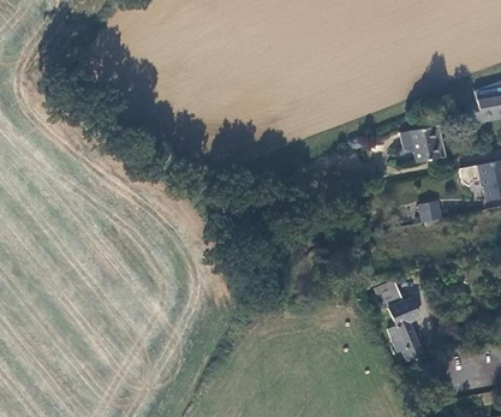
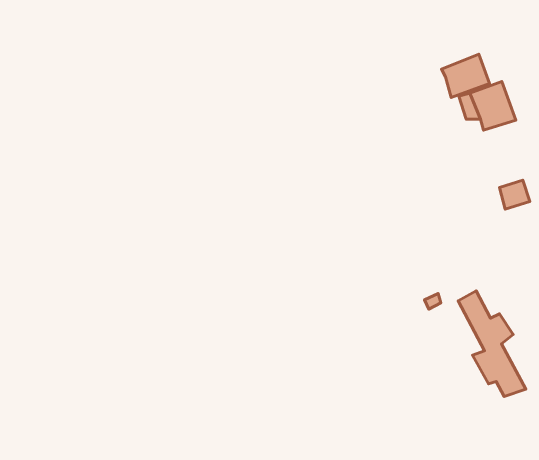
building: none -> [441,54,490,97]

